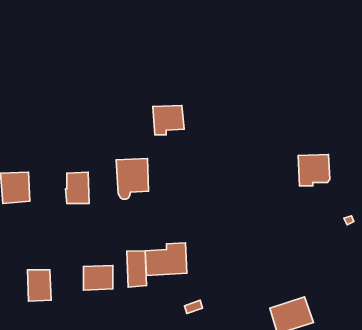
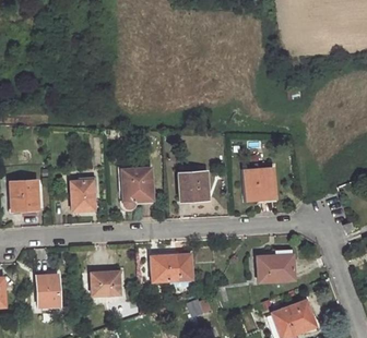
building: [153,106,184,135] -> [180,172,211,201]
building: [298,154,330,186] -> [246,170,276,201]
building: none -> [257,249,294,280]
building: [127,251,146,287] -> none

